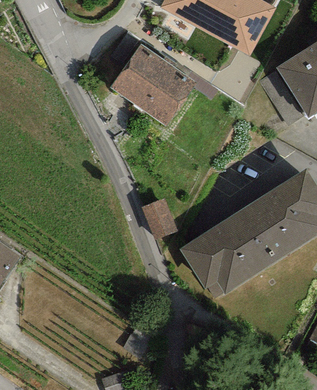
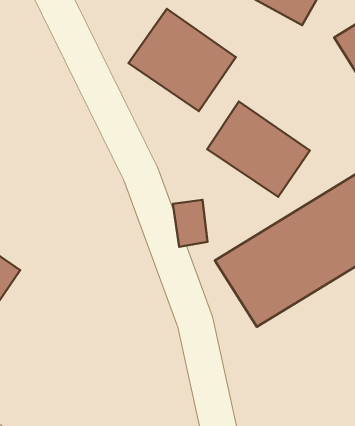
building: none -> [207,102,310,197]

